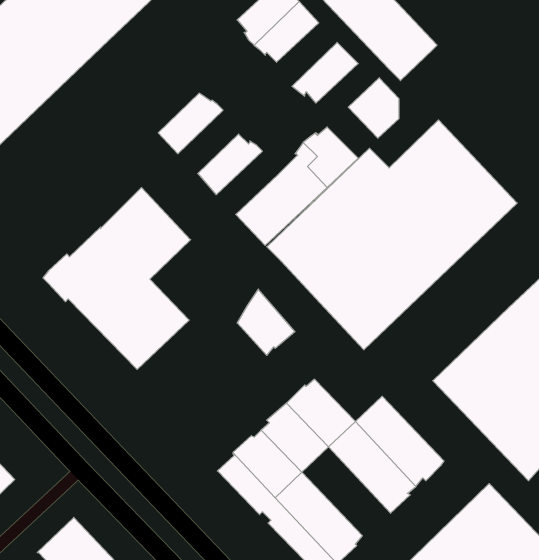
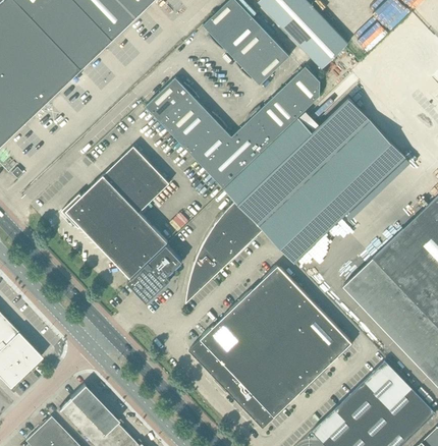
building: none -> [231,27,275,73]
building: none -> [268,89,305,125]
building: none -> [160,91,204,136]
building: none -> [187,120,232,166]
building: none -> [218,200,263,250]
building: none -> [186,244,224,303]
building: none -> [127,245,182,303]
building: none -> [259,265,308,316]
building: none -> [250,334,314,398]

